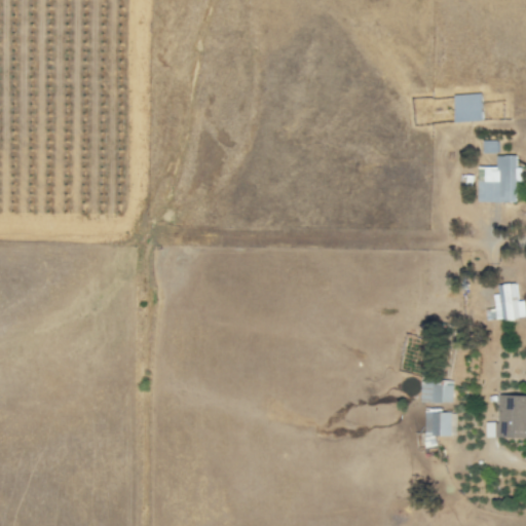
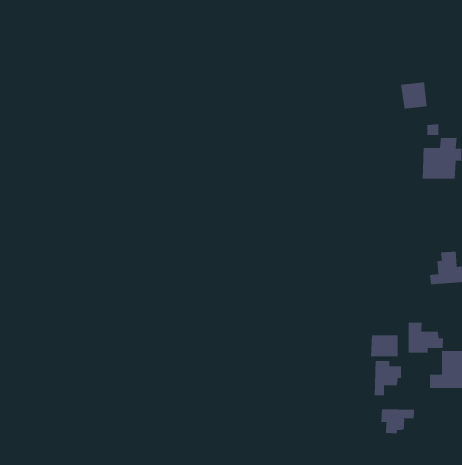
building: none -> [408,322,444,353]
building: none -> [381,408,415,434]

